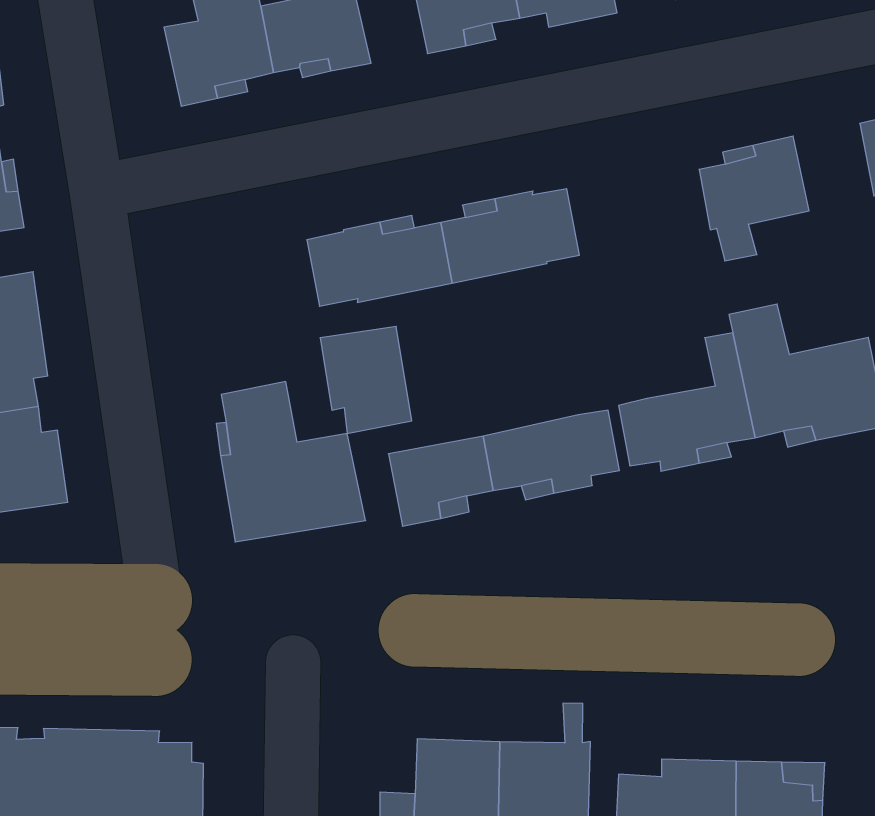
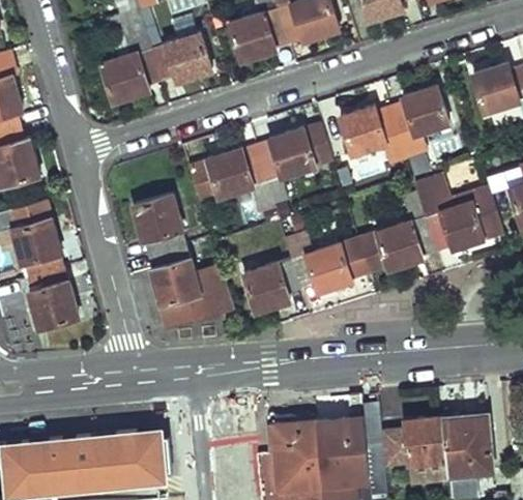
building: none -> [340,107,400,155]
building: [320,326,412,434] -> [133,195,185,254]

